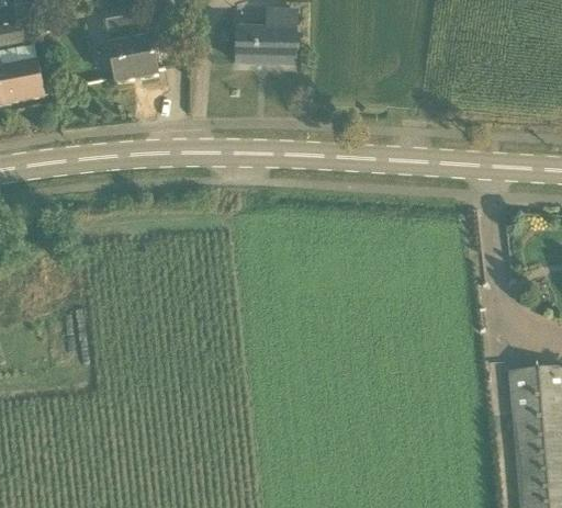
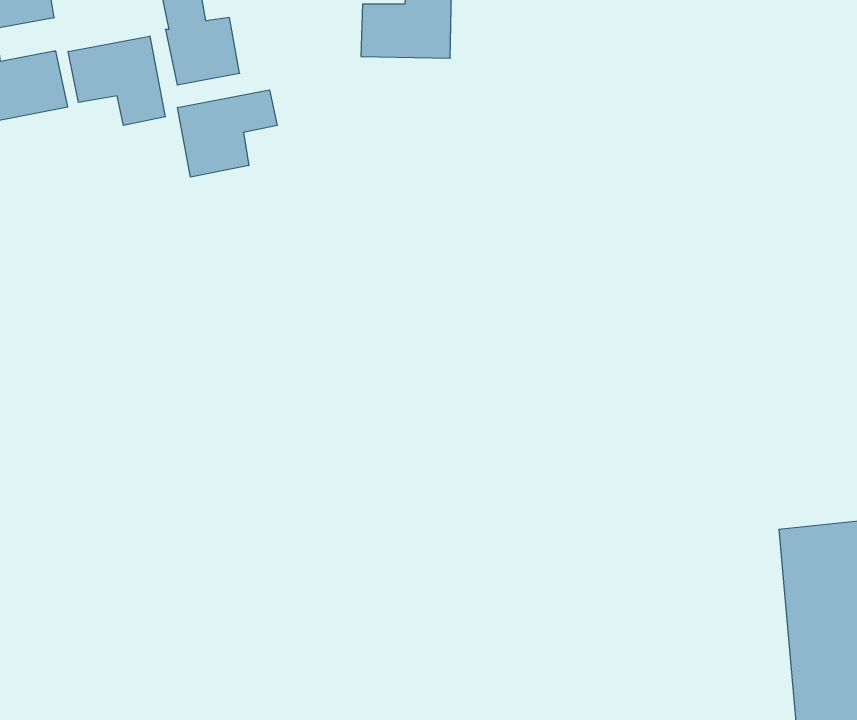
building: none -> [68,36,165,125]
building: none -> [178,90,277,177]

